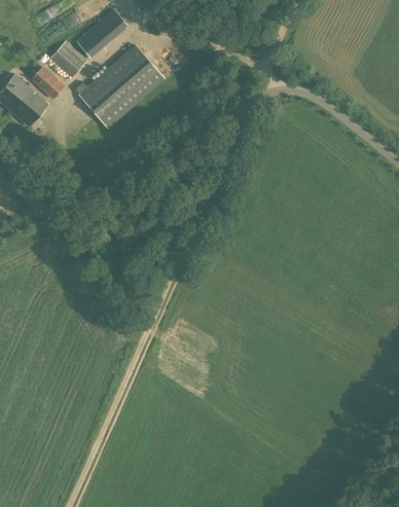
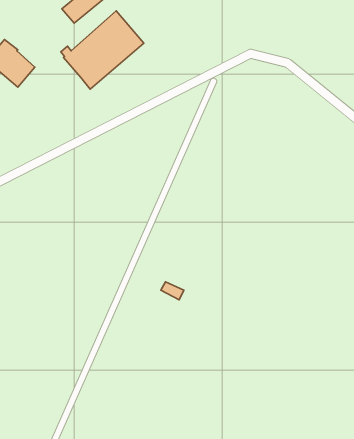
building: [50,41,87,77] -> none
building: [31,67,65,99] -> none

